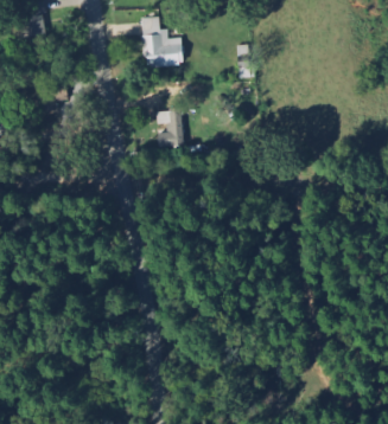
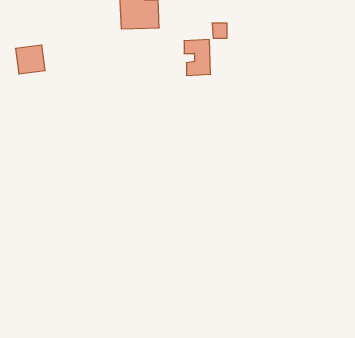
building: [155,109,183,146] -> [184,40,211,75]

